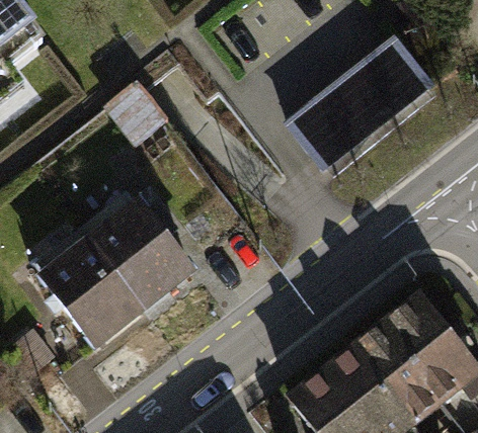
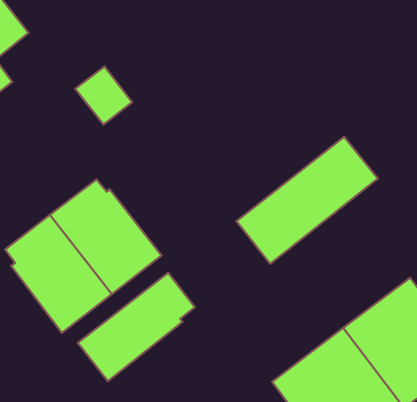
building: [282,47,422,173] -> [237,137,378,264]
building: none -> [78,273,195,381]

